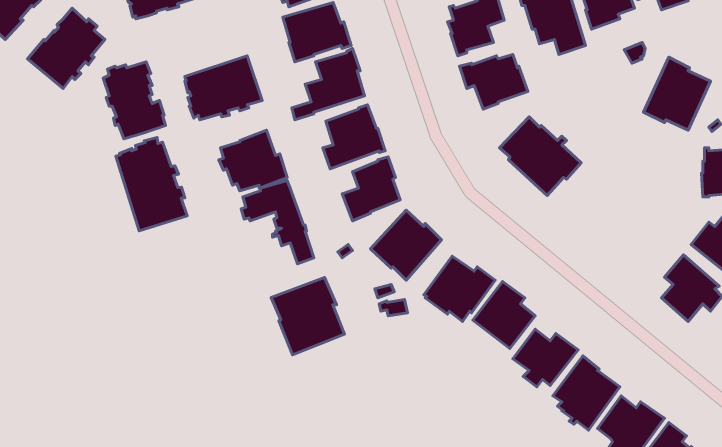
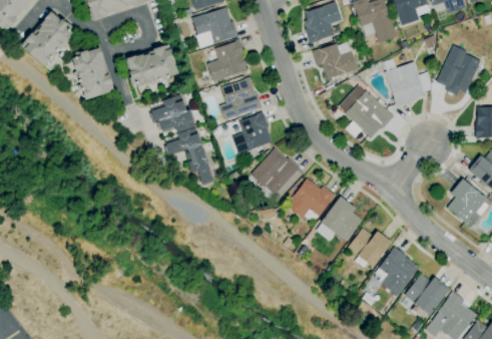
building: none -> [384,59,433,107]
building: [116,137,187,231] -> none
building: [271,277,344,355] -> none

